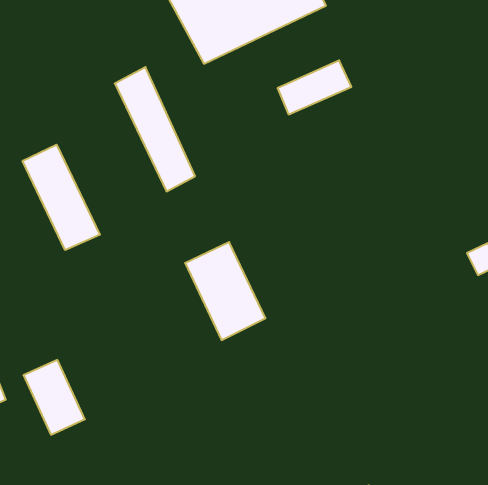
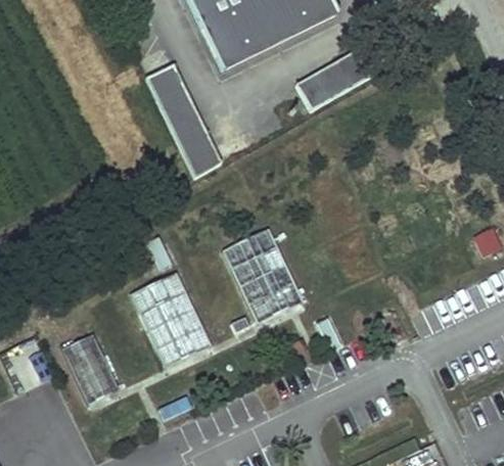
building: [23,145,100,250] -> none
building: none -> [125,272,201,363]

